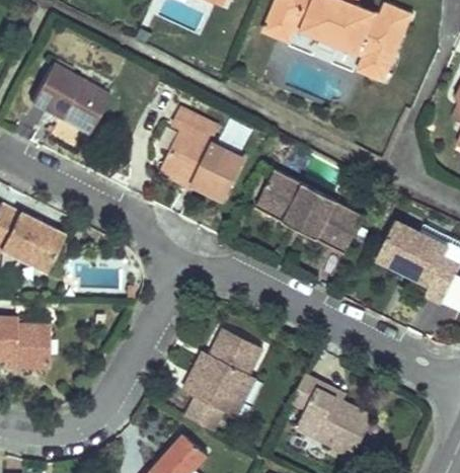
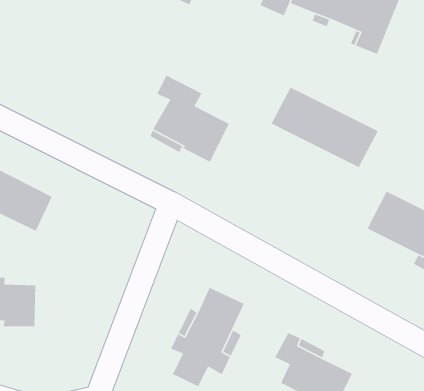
building: [36,71,116,142] -> none
building: [252,168,364,252] -> [271,87,379,168]

